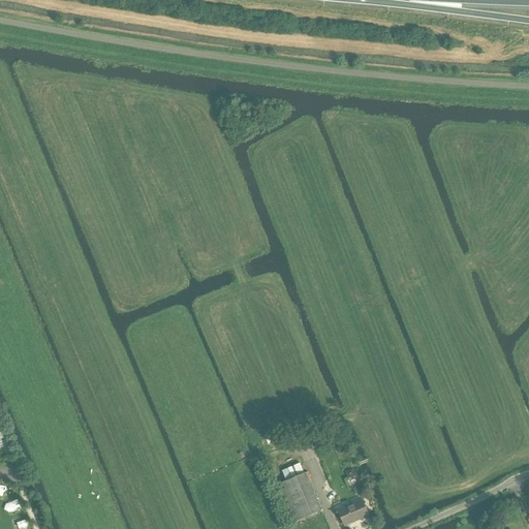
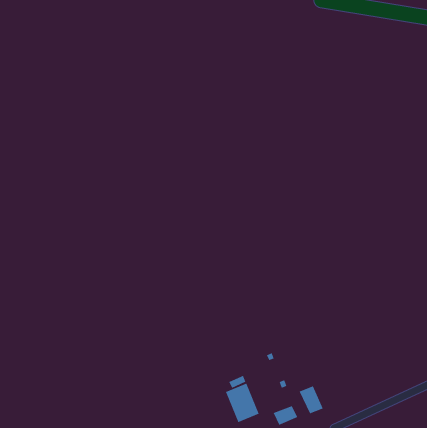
building: none -> [299,386,323,414]

